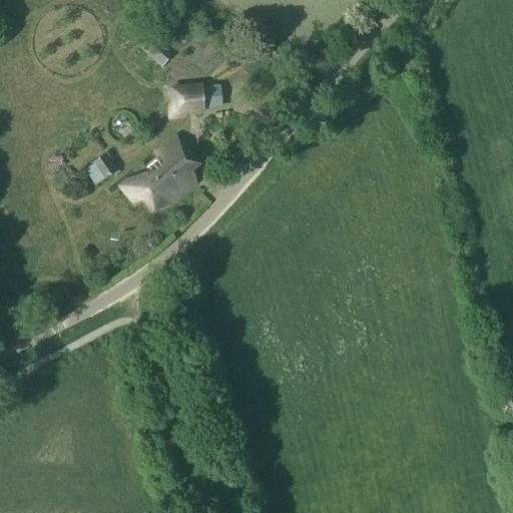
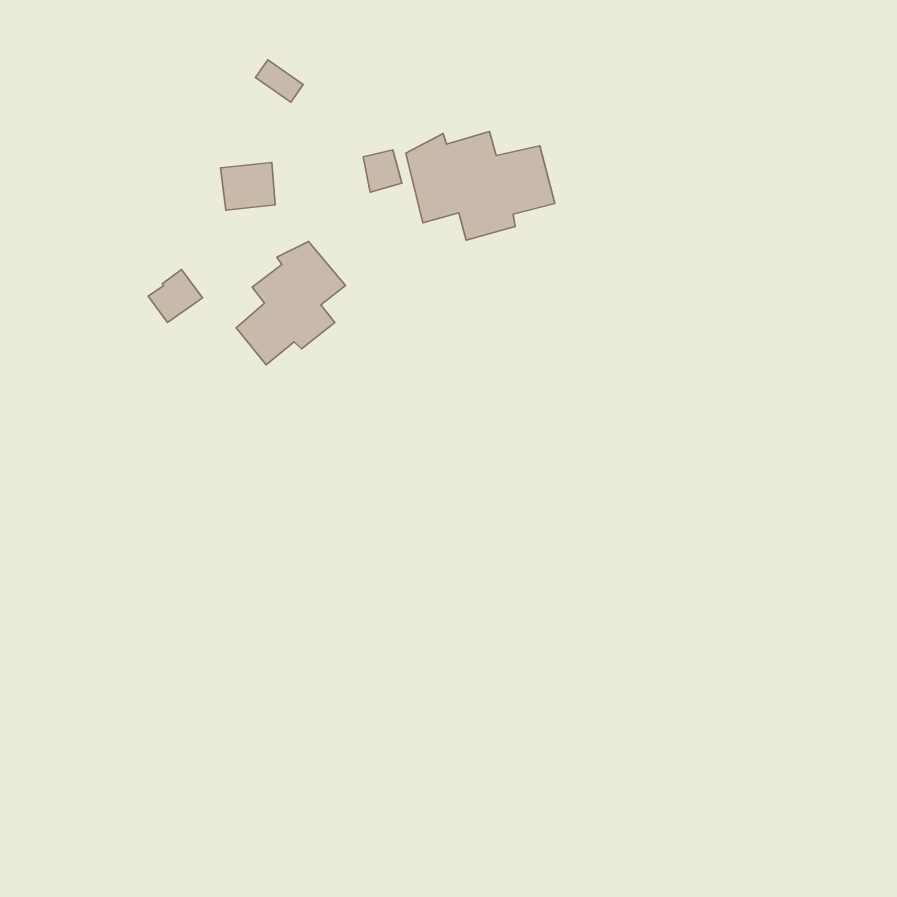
building: none -> [406,131,555,240]
building: [172,85,203,112] -> [221,163,275,210]

